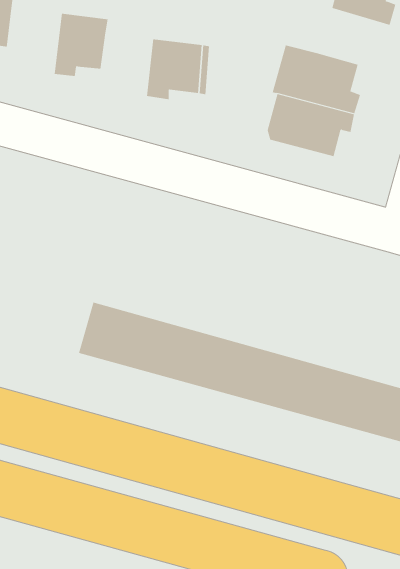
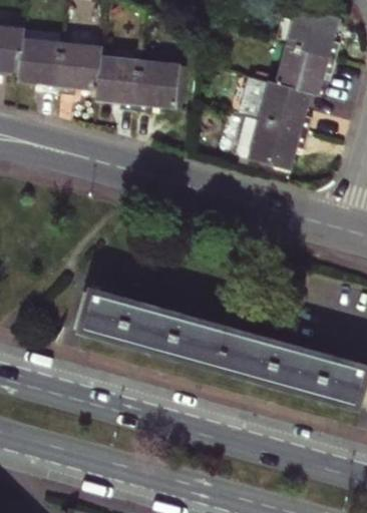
building: none -> [20,43,65,97]
building: none -> [278,43,336,92]
building: none -> [97,63,140,115]

